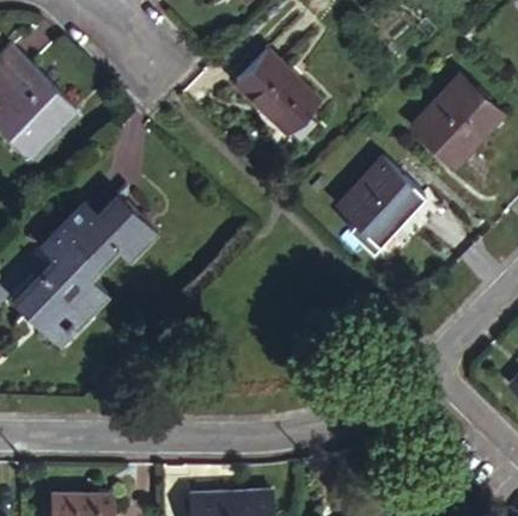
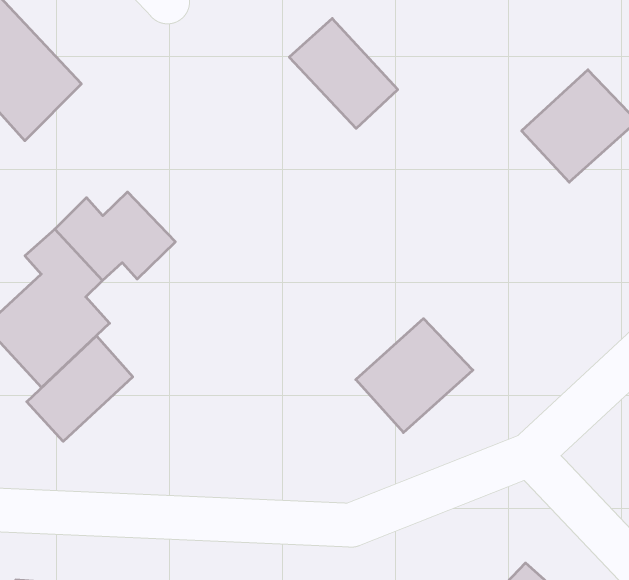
building: [336,162,425,250] -> [356,319,473,433]
building: none -> [27,336,133,441]

